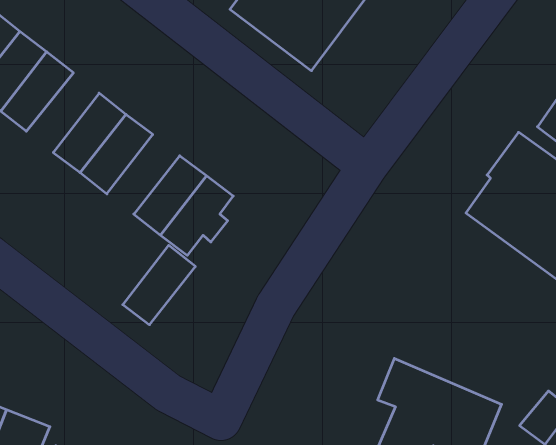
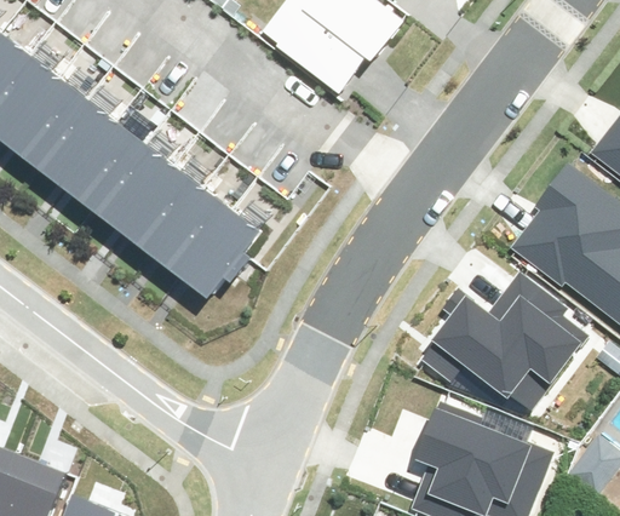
building: none -> [34,97,113,183]
building: none -> [430,269,597,395]
building: [123,245,195,325] -> [121,164,200,250]

